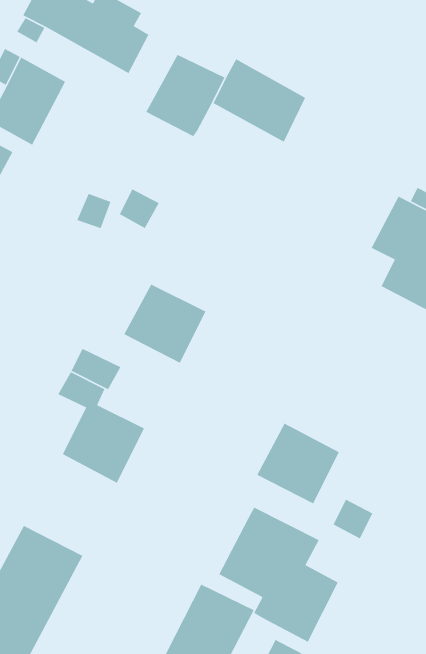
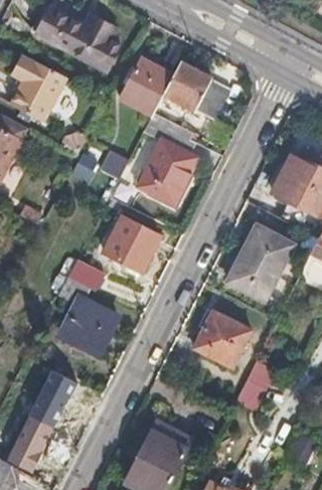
building: none -> [138,111,196,204]
building: none -> [230,225,295,300]
building: [218,506,339,643] -> none

